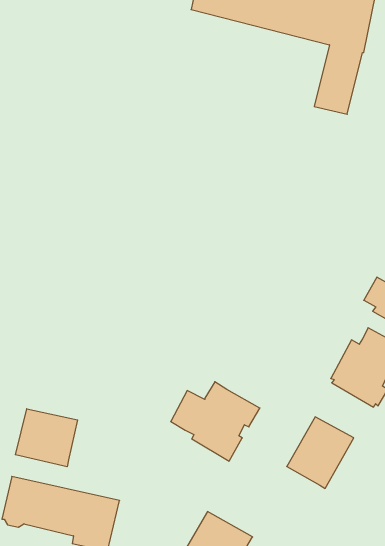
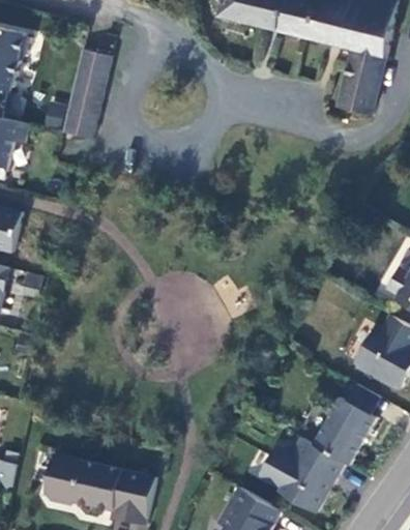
building: none -> [62,49,112,139]
building: [171,382,260,461] -> [261,438,345,512]
building: [15,409,78,467] -> none

